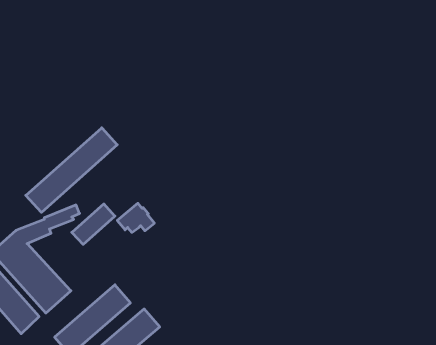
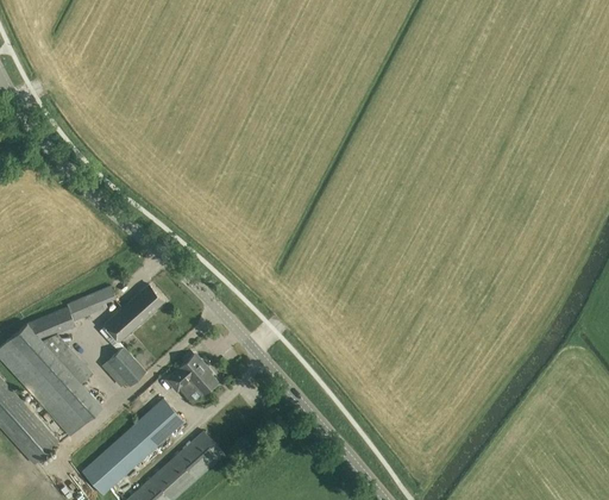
building: [26,128,117,212] -> none
building: [117,203,154,232] -> [165,355,216,395]
building: none -> [102,346,146,387]

